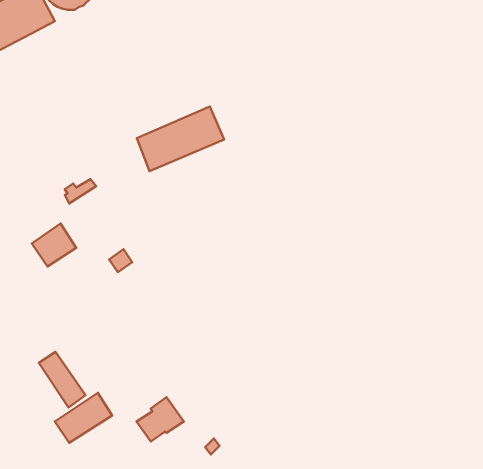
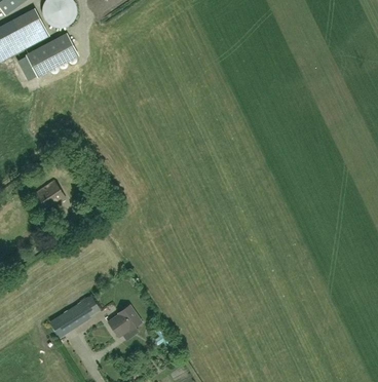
building: [137,107,224,171] -> [18,35,81,81]
building: [39,352,86,408] -> none

